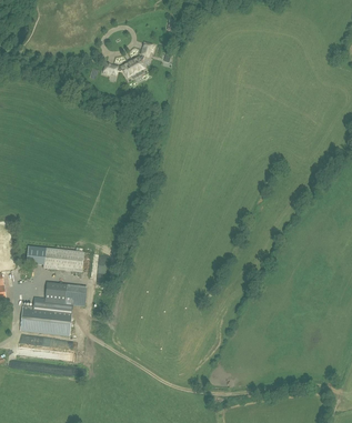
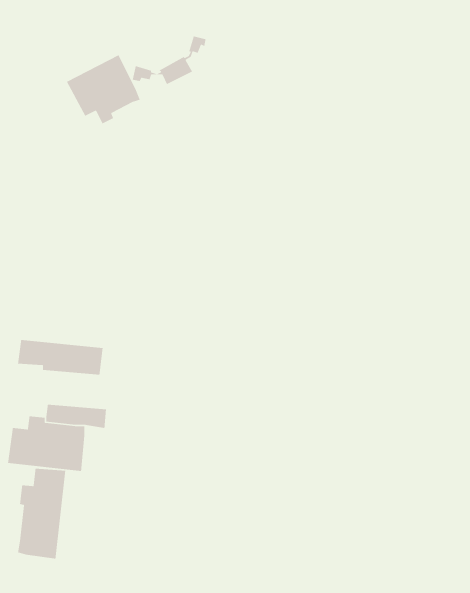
building: none -> [66,54,141,124]
building: none -> [17,468,66,559]

